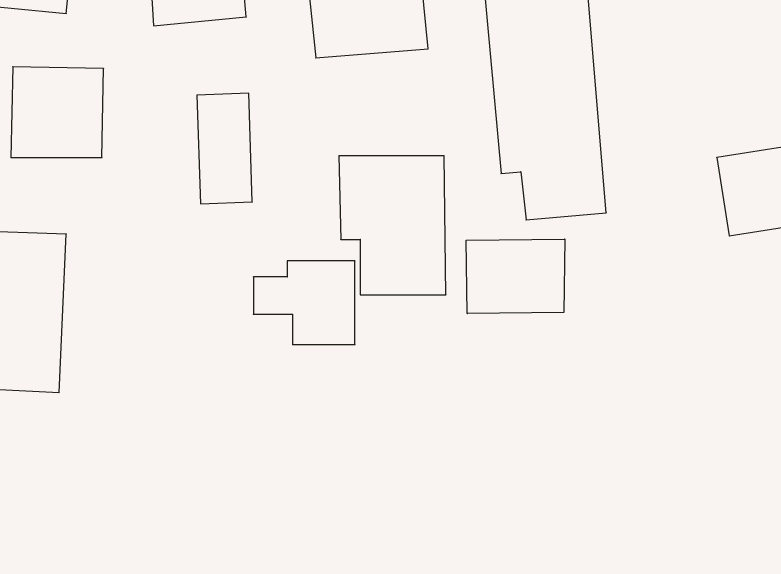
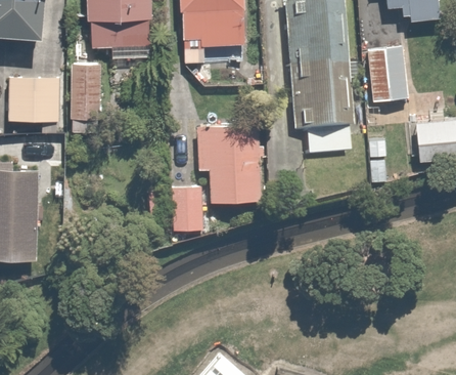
building: none -> [365,41,420,103]
building: [197,93,252,204] -> [71,56,102,120]
building: [466,239,565,314] -> none

